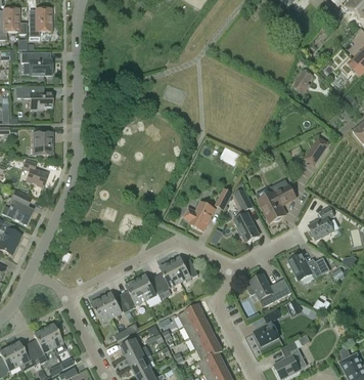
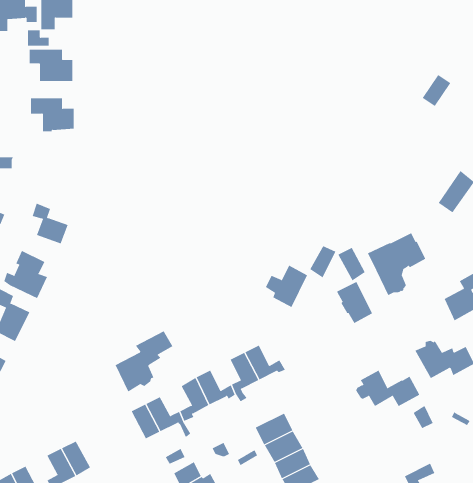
building: [34,131,52,154] -> none
building: none -> [115,330,173,393]
building: [254,309,279,344] -> none

